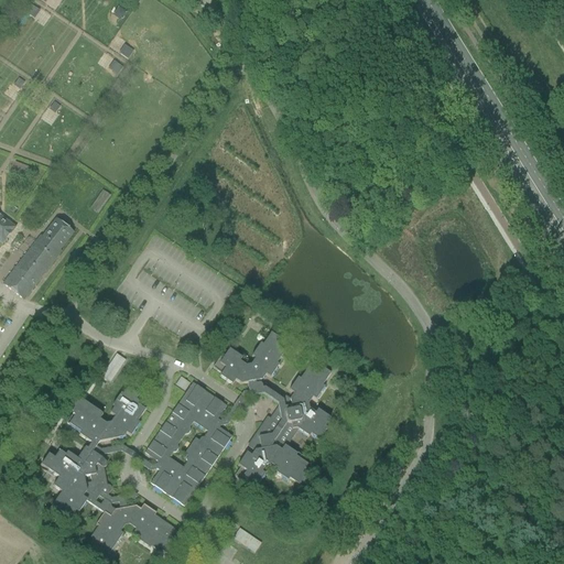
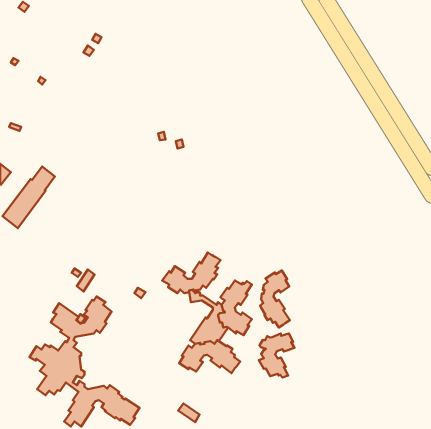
building: none -> [260,270,290,328]
building: [145,381,232,505] -> none
building: none -> [259,333,294,377]

